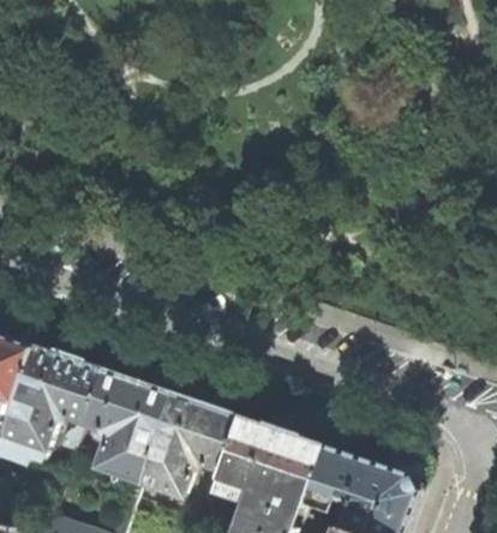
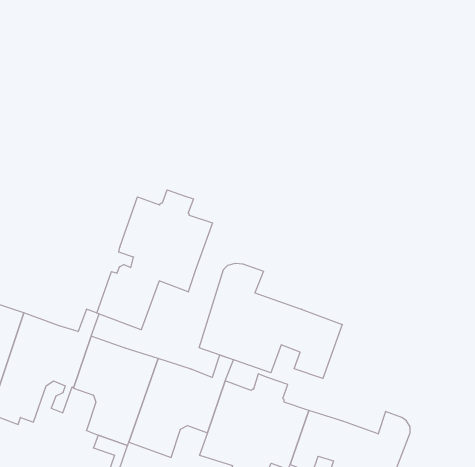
building: none -> [97,190,212,330]
building: none -> [199,263,342,378]

